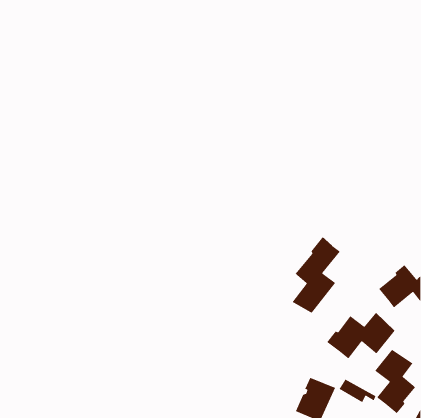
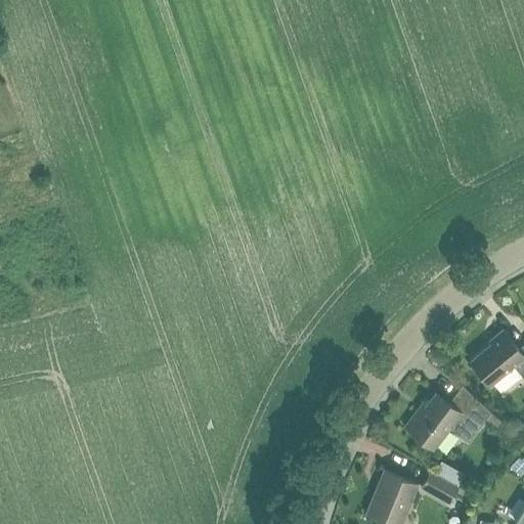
building: [291,236,341,314] -> none
building: [374,349,416,414] -> none

